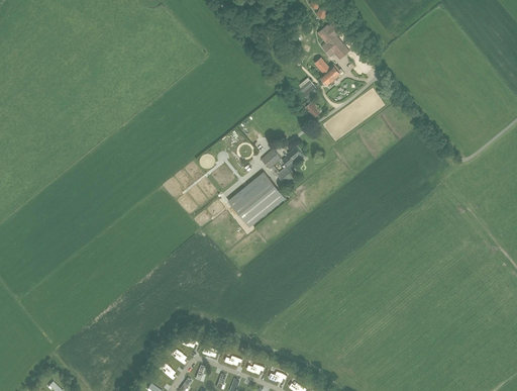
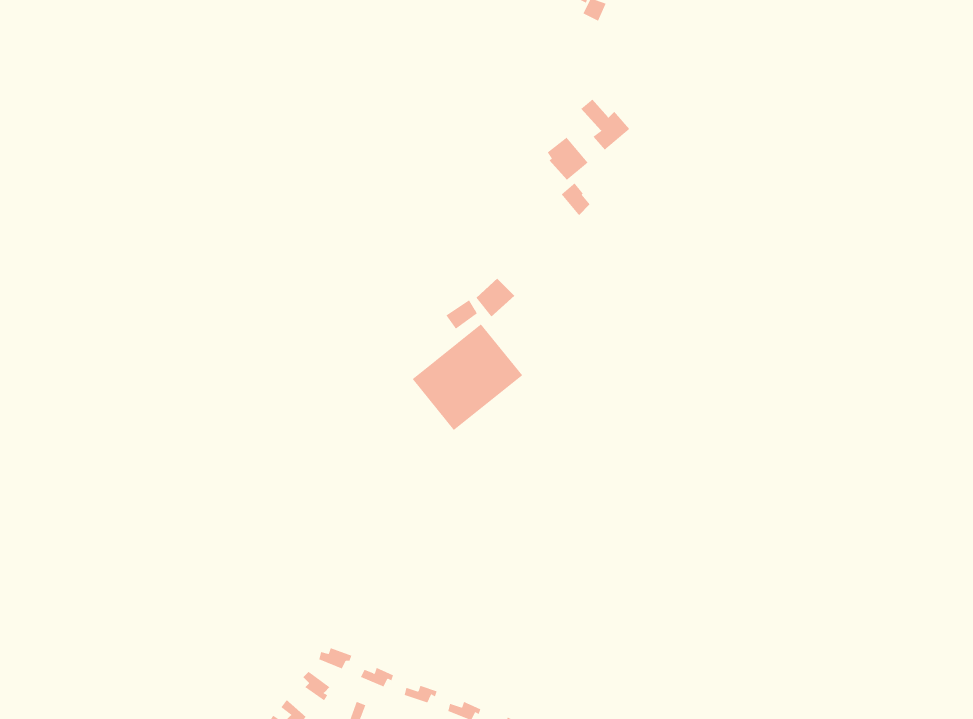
building: [316,22,349,60] -> none
building: [275,148,302,185] -> none

